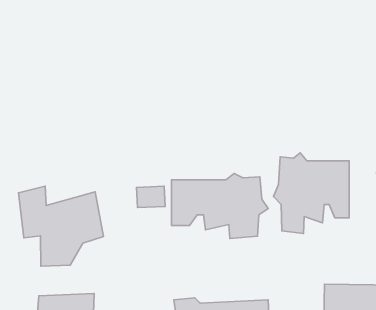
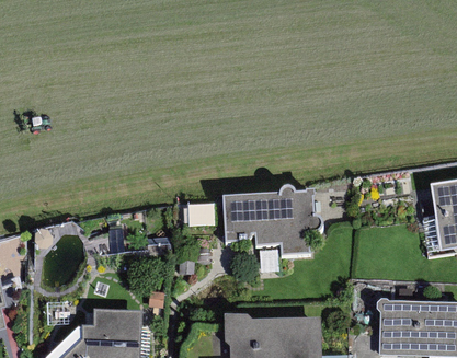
building: [274,153,349,234] -> none
building: [18,186,104,266] -> none

